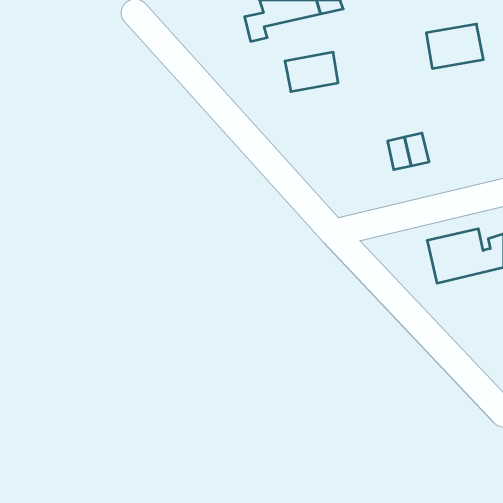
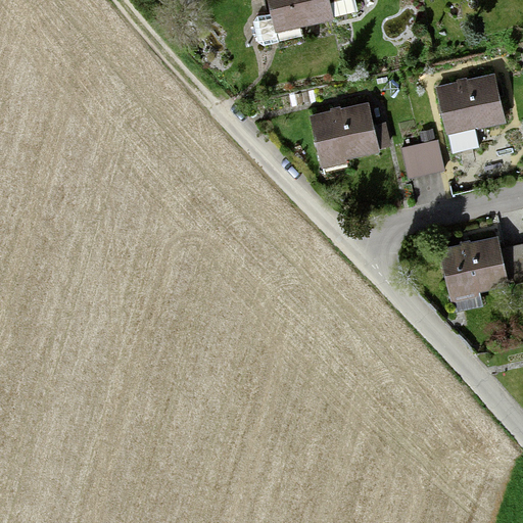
building: [426,24,483,68] -> [441,85,501,131]
building: [285,52,338,92] -> [318,114,373,155]

